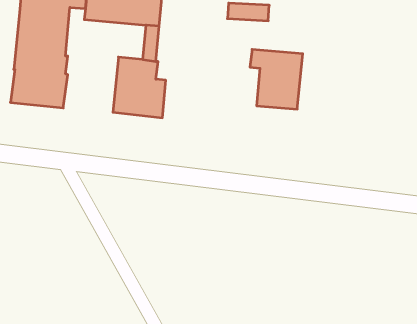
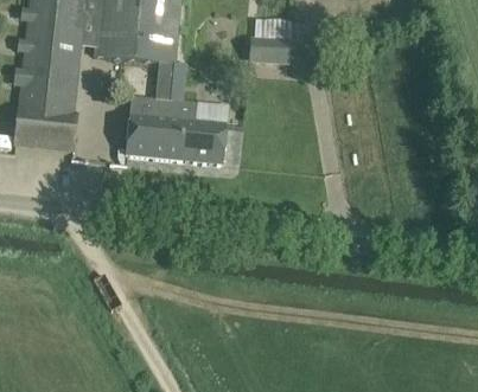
building: [250,49,303,109] -> [171,99,228,163]

